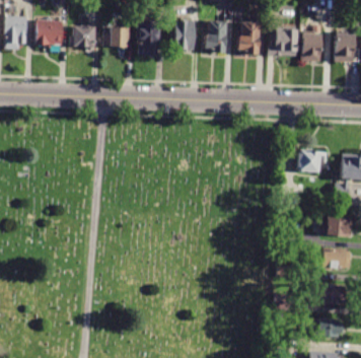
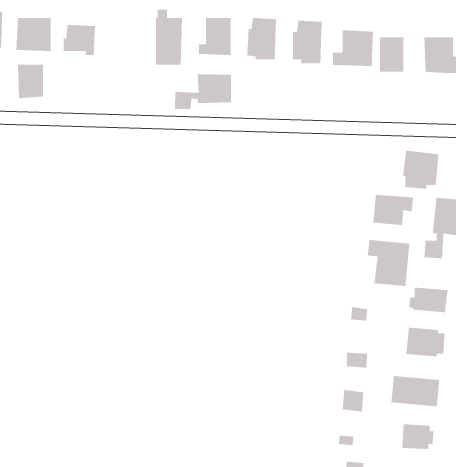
building: [102,27,127,47] -> none
building: none -> [17,64,44,99]
building: none -> [174,74,232,110]
building: none -> [402,150,439,189]
building: none -> [367,239,410,287]

